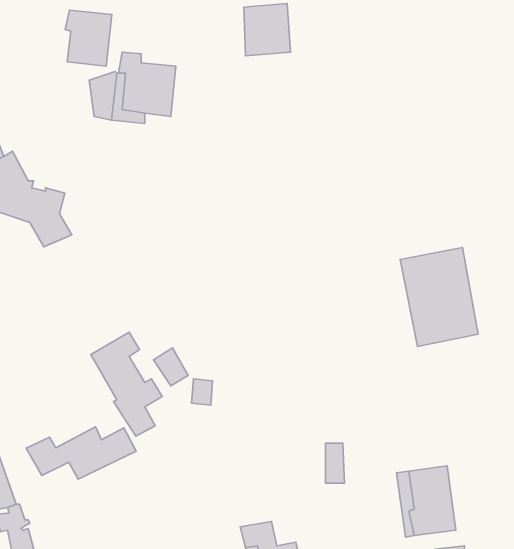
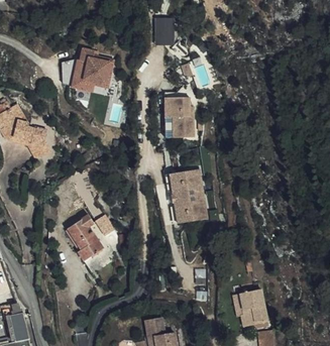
building: [65,10,112,66] -> none
building: none -> [168,93,197,139]
building: [400,247,478,346] -> [163,167,209,225]
building: [26,427,136,479] -> none

